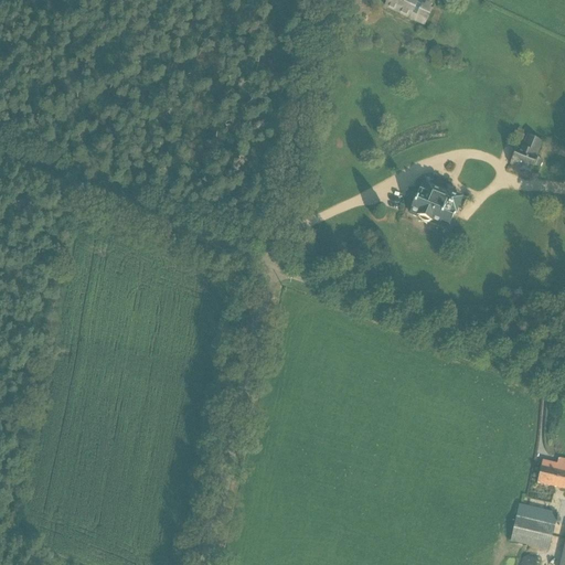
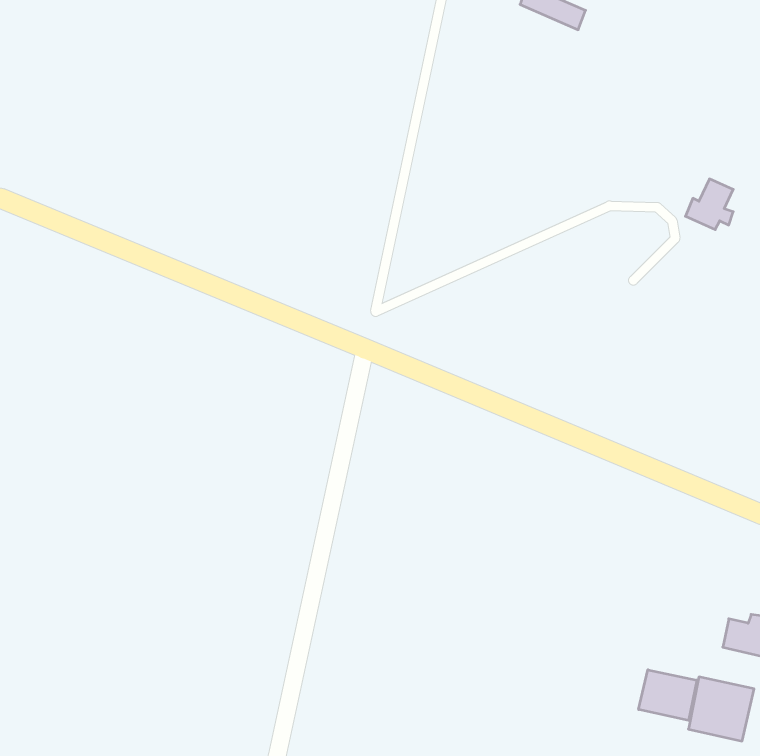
building: [407,174,461,224] -> none
building: none -> [639,670,697,720]

